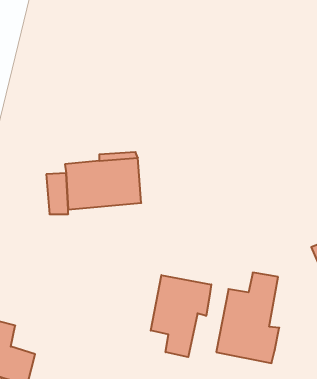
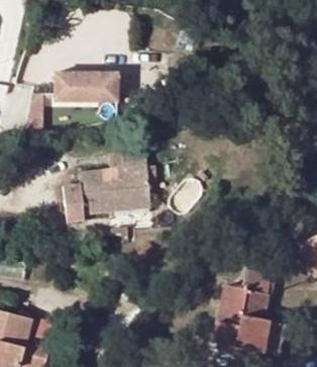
building: none -> [54,68,121,101]
building: [151,275,211,357] -> none

